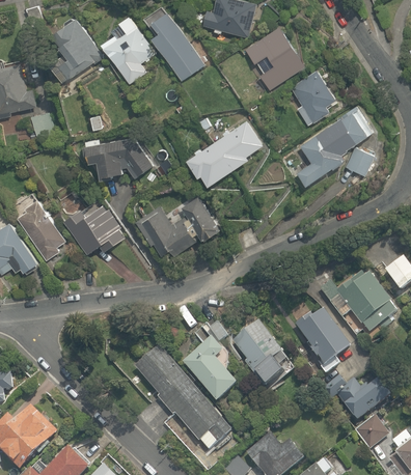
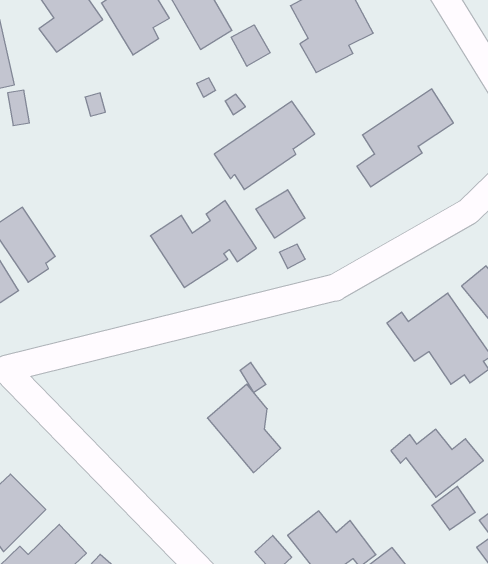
building: none -> [231,25,270,66]
building: [290,69,337,124] -> none
building: [85,136,152,179] -> none
building: [345,147,373,175] -> none
building: none -> [256,190,305,238]
building: [65,203,126,253] -> none
building: [295,303,355,367] -> none
building: [230,317,296,389] -> none
building: [132,346,231,452] -> none

